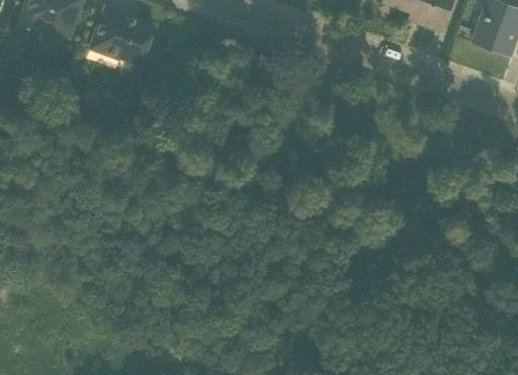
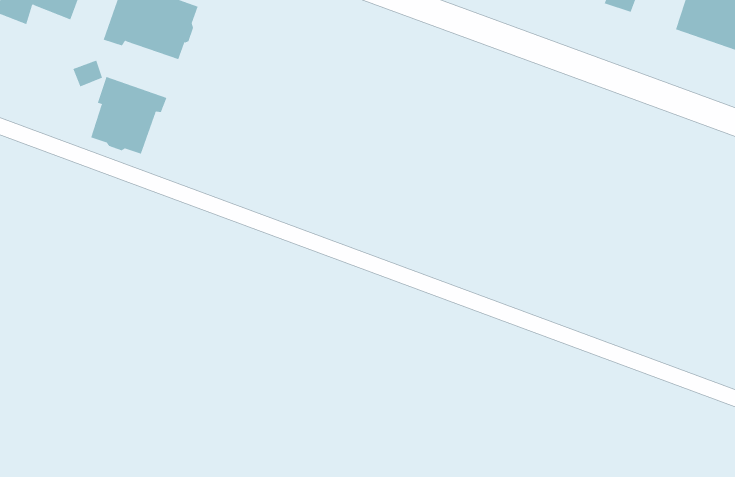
building: none -> [91,76,167,155]

